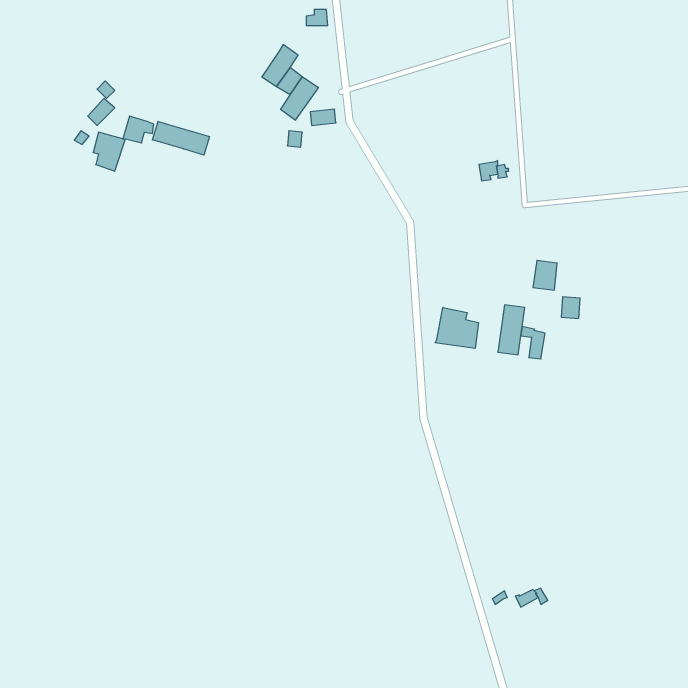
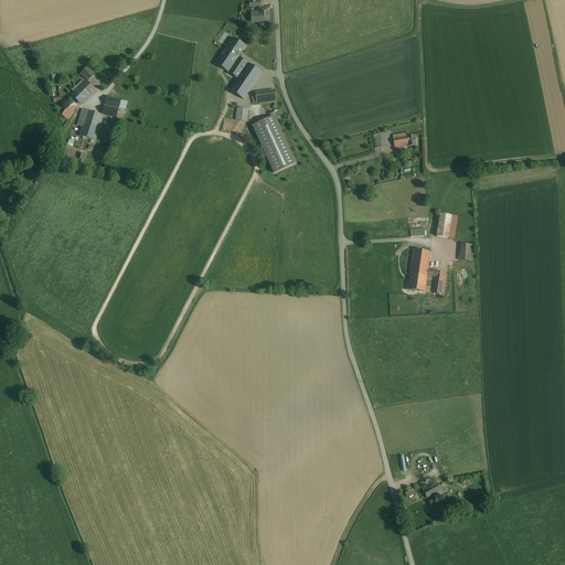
building: [152,121,210,155] -> none
building: none -> [252,116,295,172]
building: [435,307,478,348] -> none

